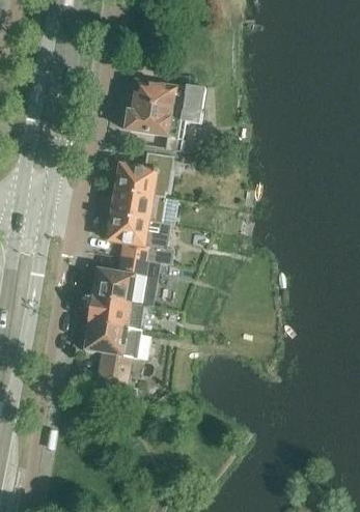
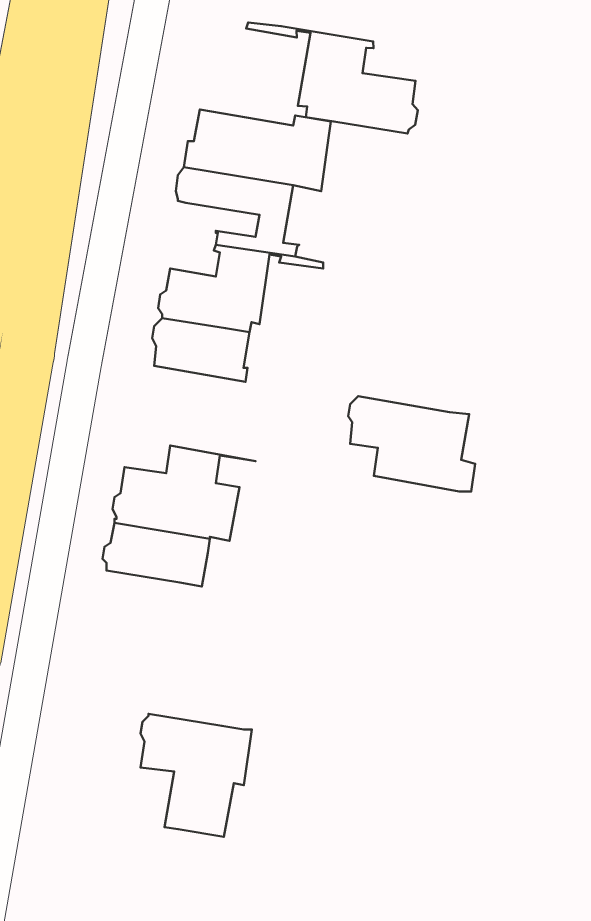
building: none -> [246,22,418,133]
building: [107,214,173,263] -> [348,396,475,492]
building: [83,320,141,385] -> [141,714,252,837]

